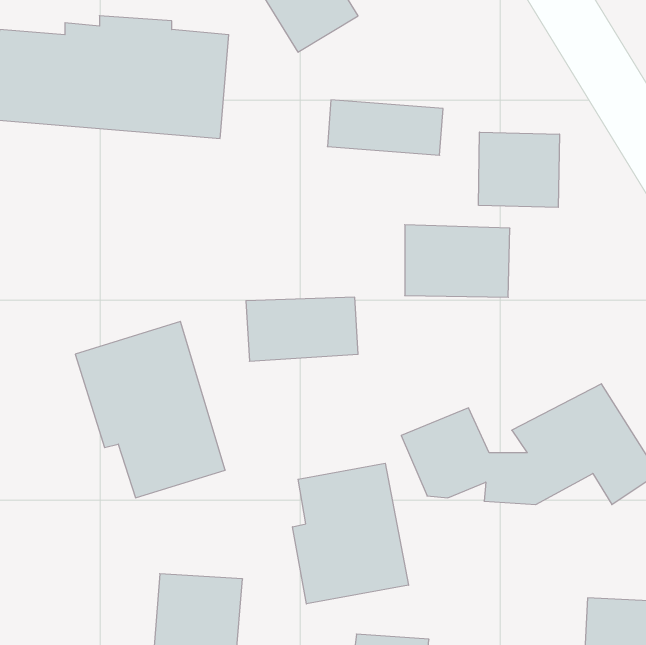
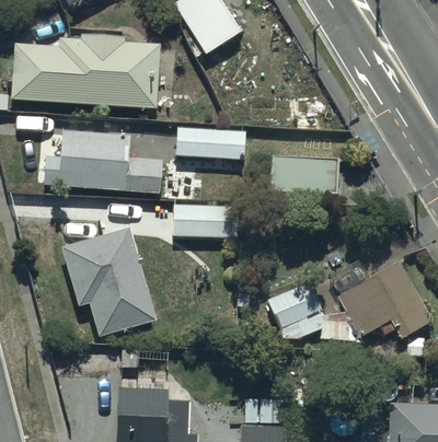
building: [327,100,443,155] -> [175,126,249,161]
building: [479,132,559,207] -> none
building: none -> [42,127,162,194]
building: [293,463,409,604] -> none

